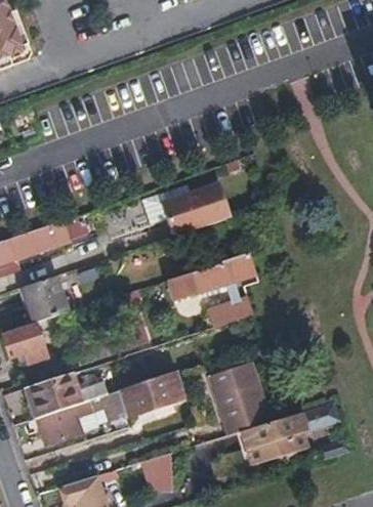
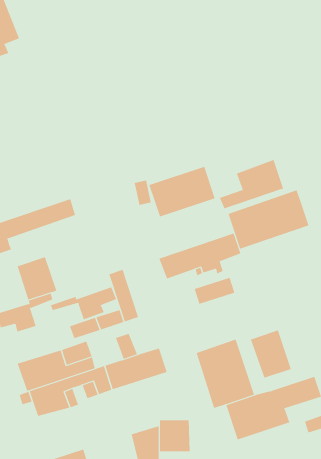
building: none -> [219,159,284,209]
building: none -> [228,189,309,249]
building: none -> [50,286,117,320]
building: none -> [250,330,291,379]
building: none -> [159,419,190,452]

